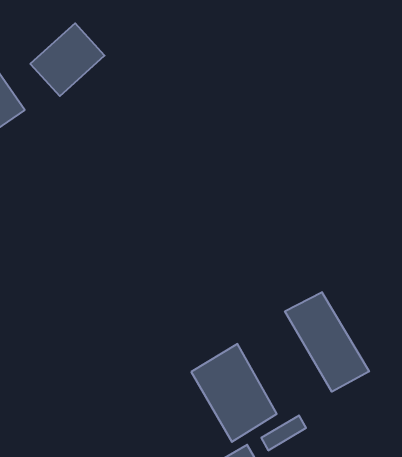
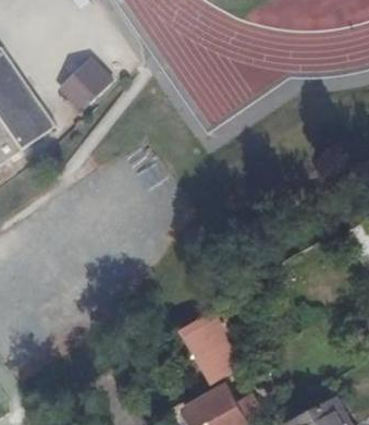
building: [285,292,369,392] -> none

